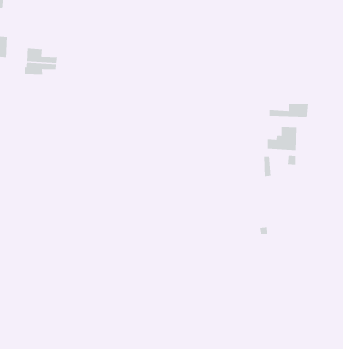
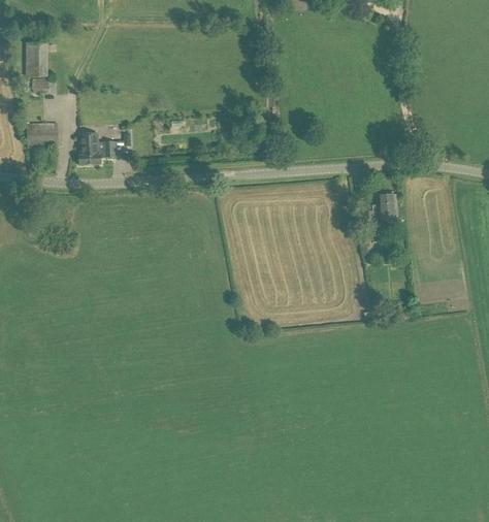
building: [269,103,309,118] -> none

